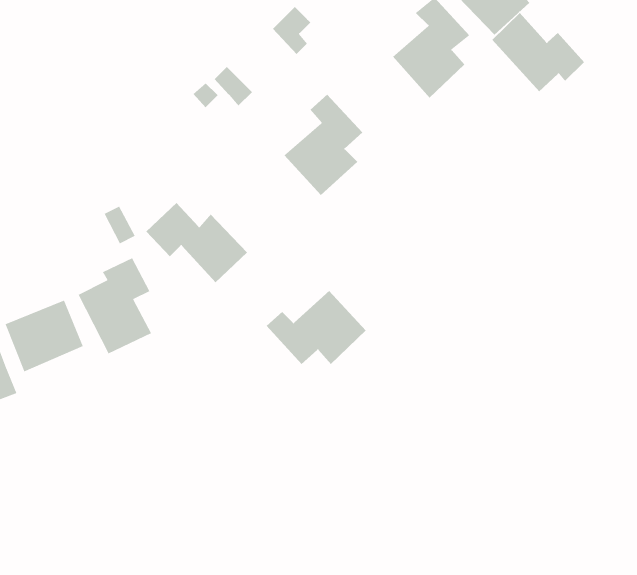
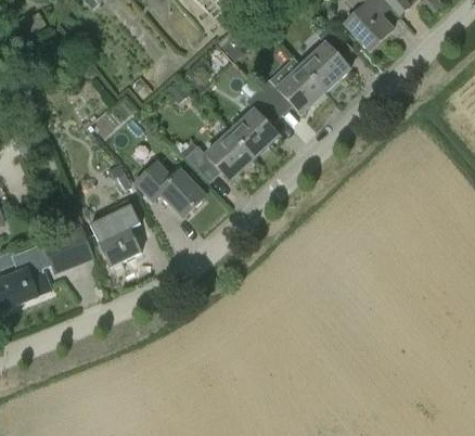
building: [492,12,585,92] -> none
building: none -> [257,57,325,116]
building: [266,290,366,365] -> [185,131,253,181]

